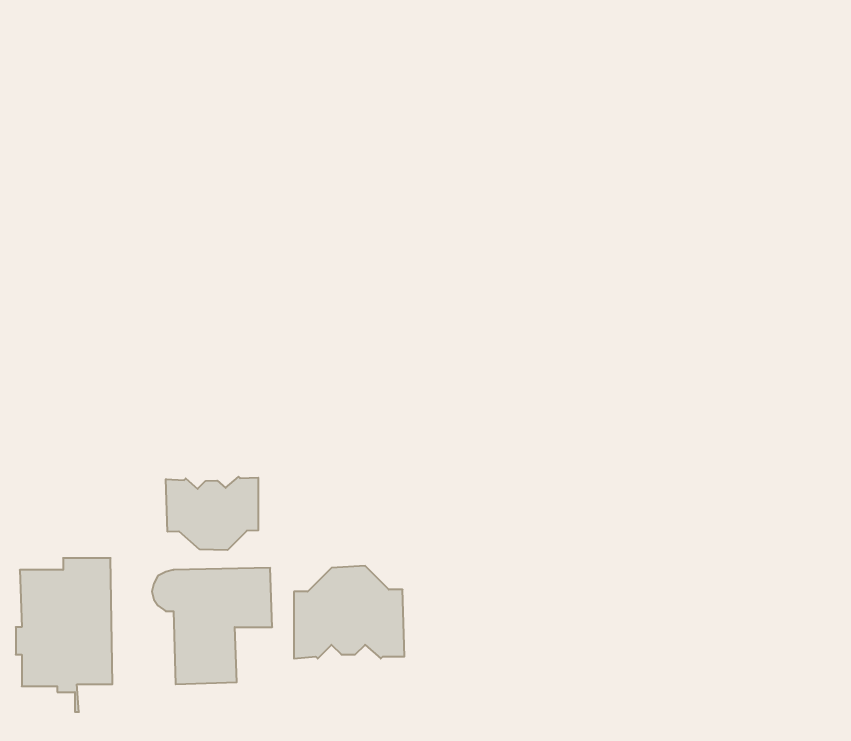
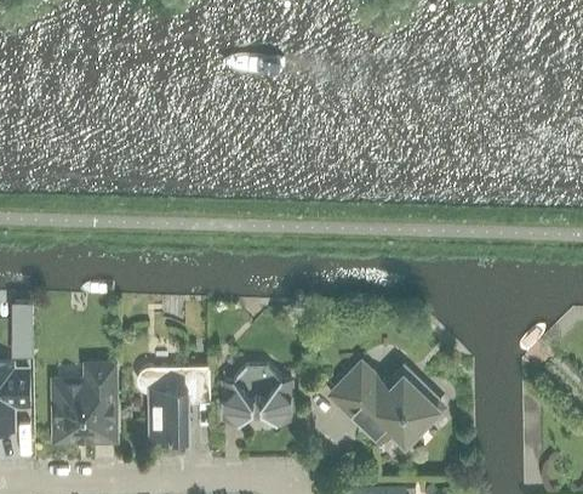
building: [166,477,258,550] -> none
building: none -> [330,368,438,450]

